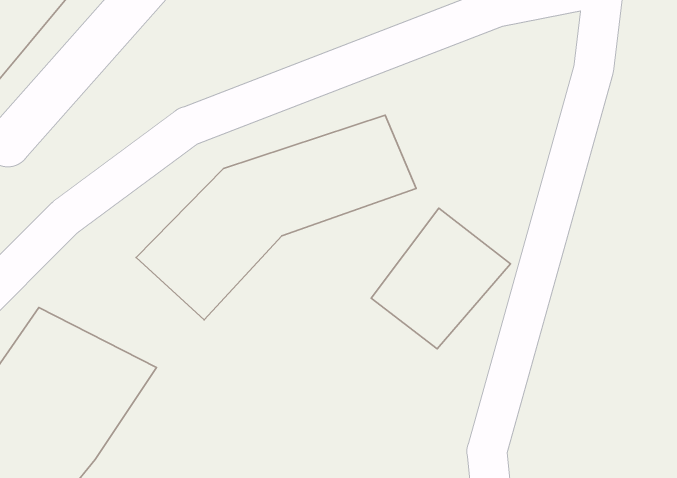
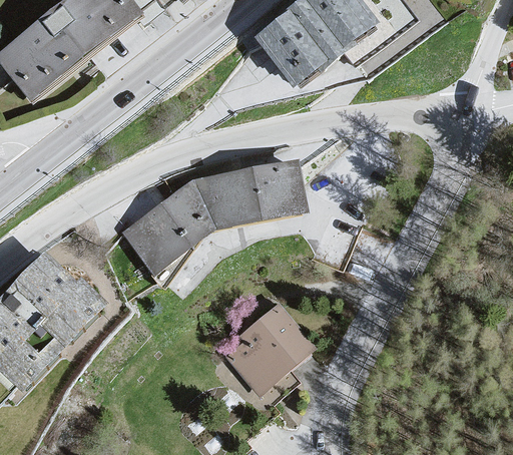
building: [371,208,510,349] -> [219,302,316,395]

